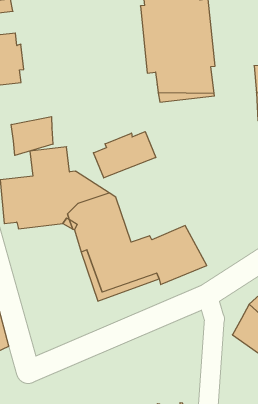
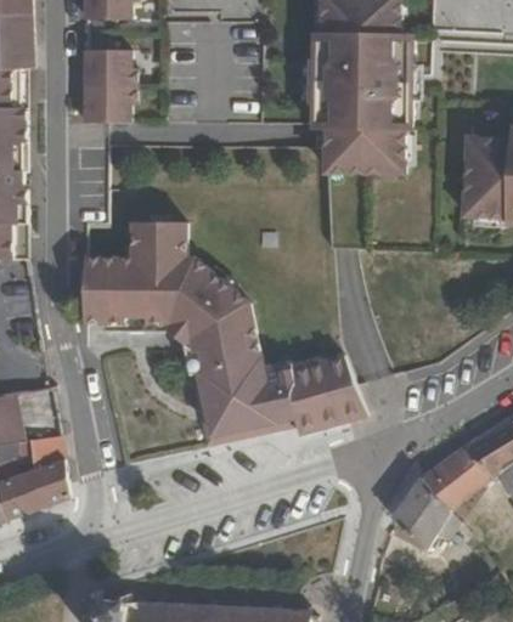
building: [11,117,53,155] -> none
building: [93,132,156,178] -> none

